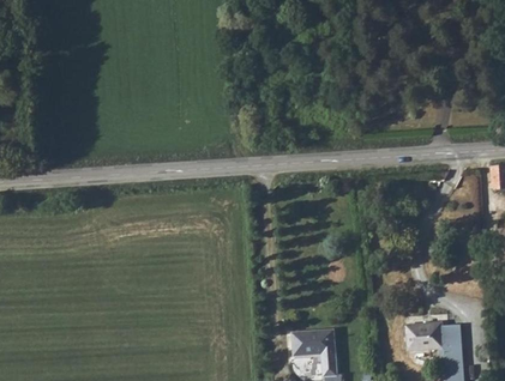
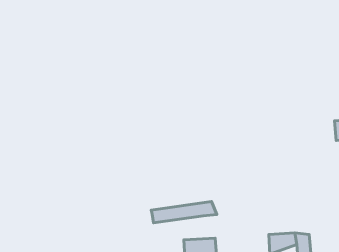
building: none -> [151,201,217,223]

